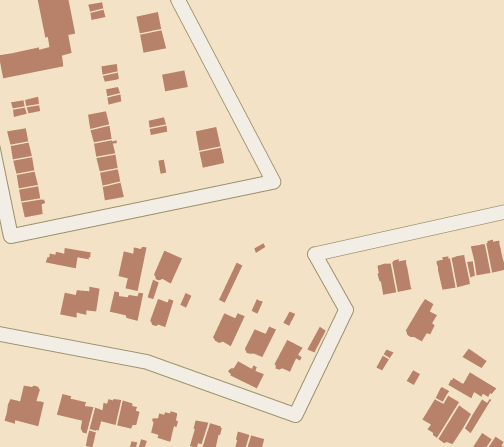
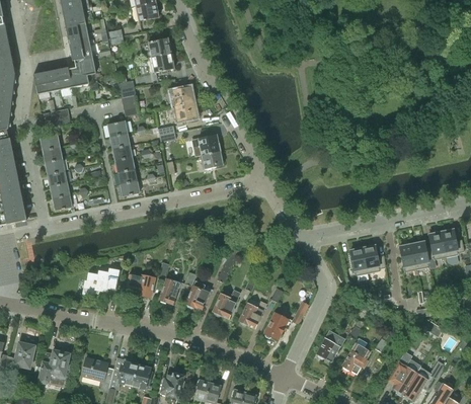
building: none -> [172,101,198,122]
building: [118,246,148,292] -> none
building: [45,247,92,269] -> none
building: [153,250,183,285] -> [185,281,211,311]
building: [404,298,438,343] -> [341,337,370,375]
building: [227,360,265,390] -> none
building: none -> [316,330,344,361]
building: [447,371,497,399] -> none

